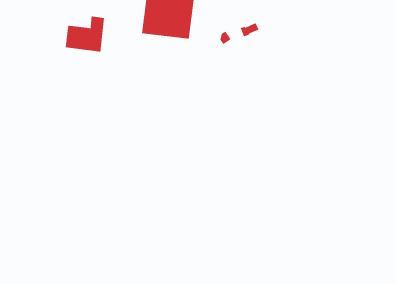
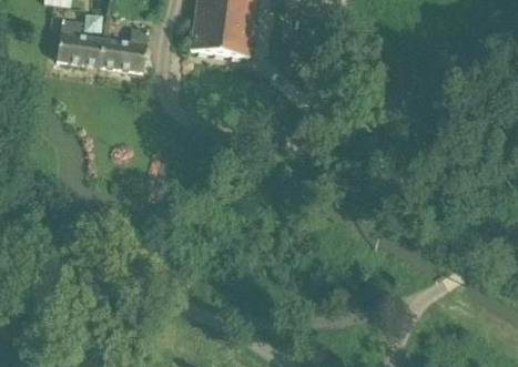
building: none -> [57,19,103,65]

